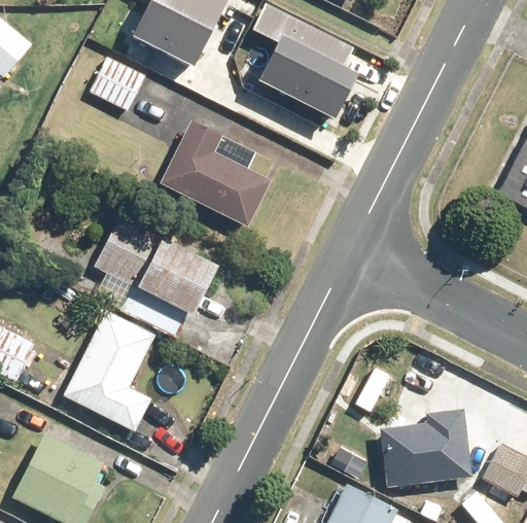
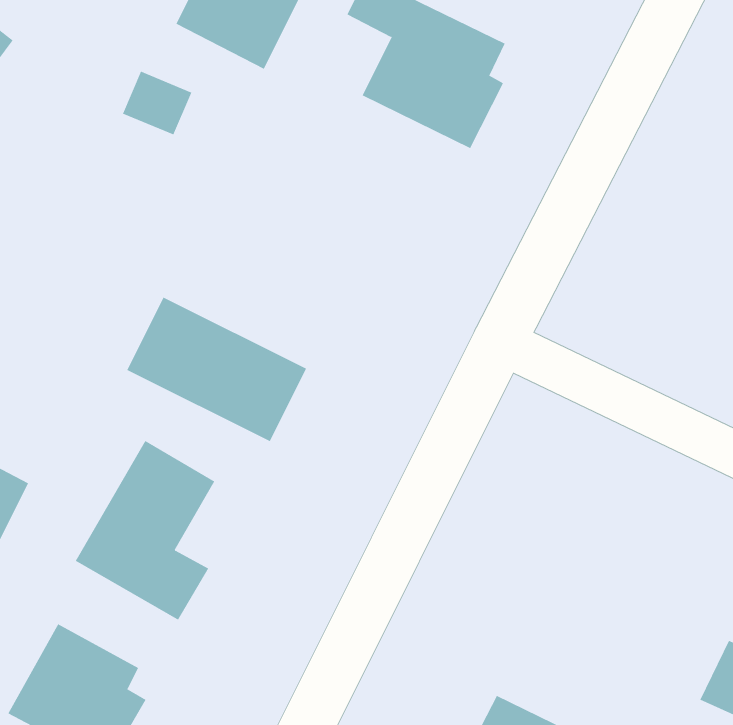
building: [160,117,273,229] -> none
building: [375,406,467,484] -> none

